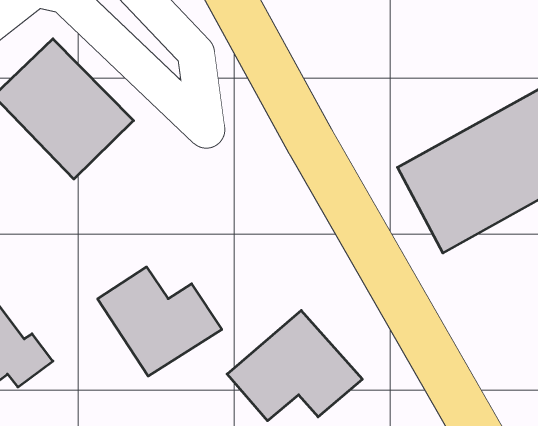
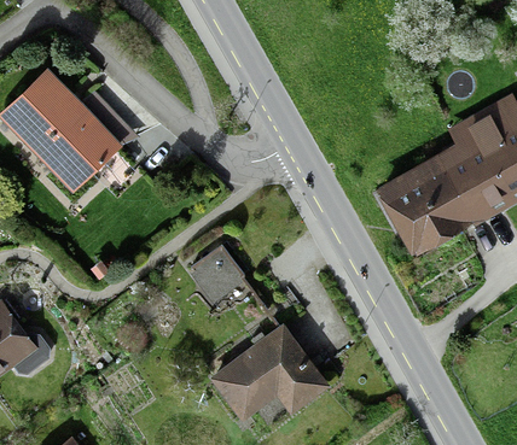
building: none -> [188,253,239,301]
building: [98,267,222,376] -> none

